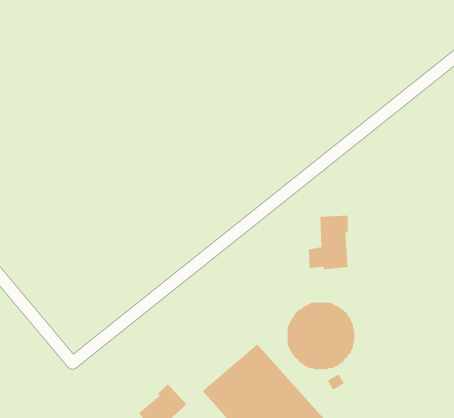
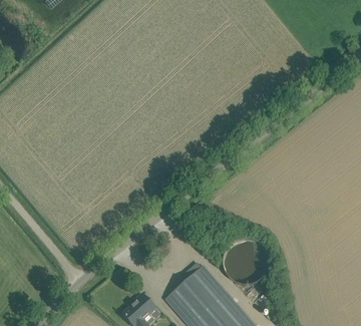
building: [308,215,348,270] -> none

